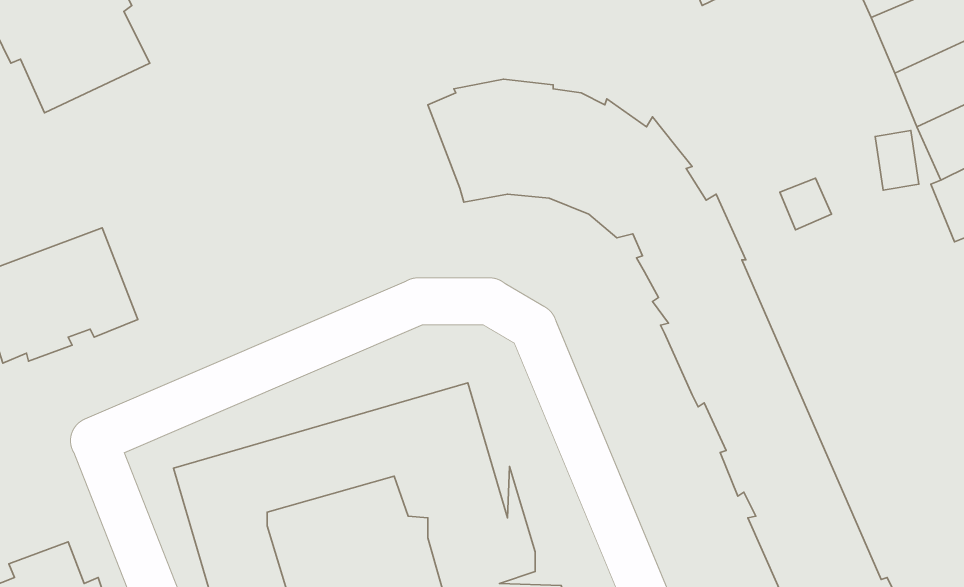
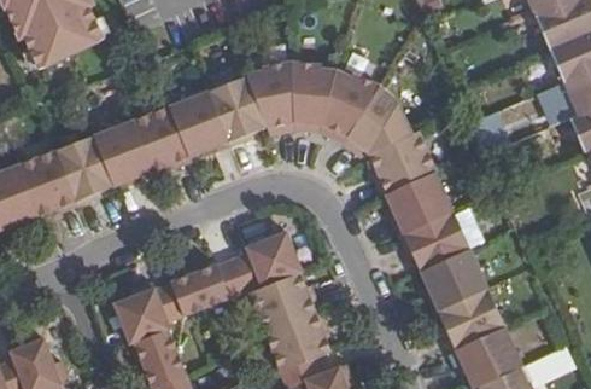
building: none -> [63,72,280,203]

